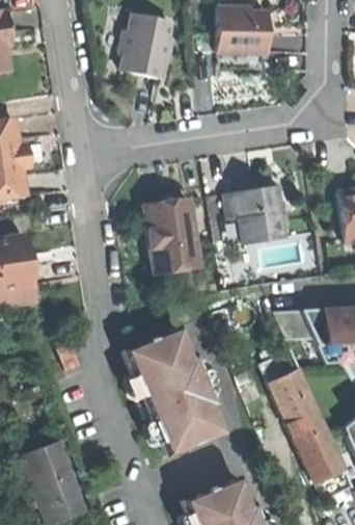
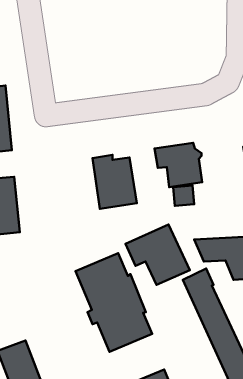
building: [217,6,267,52] -> none
building: [119,14,170,77] -> none
building: none -> [126,224,190,285]

